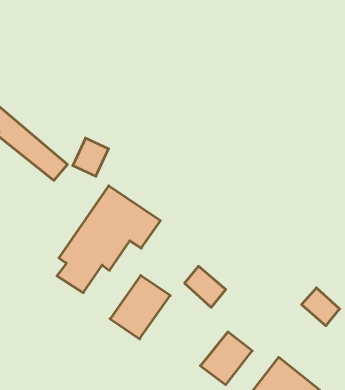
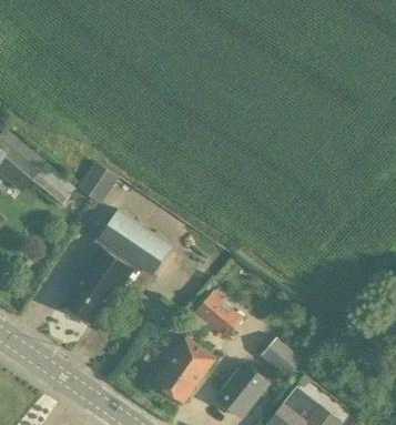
building: [110,275,170,339] -> [152,336,215,403]
building: [302,288,340,326] -> [261,337,301,377]

